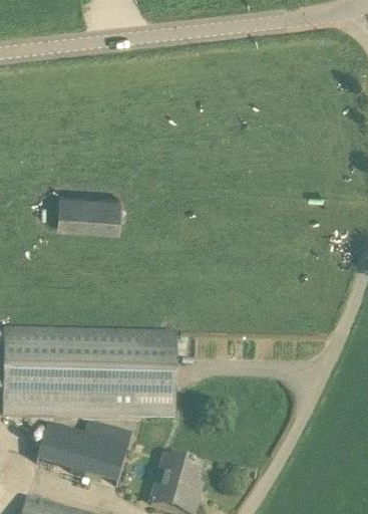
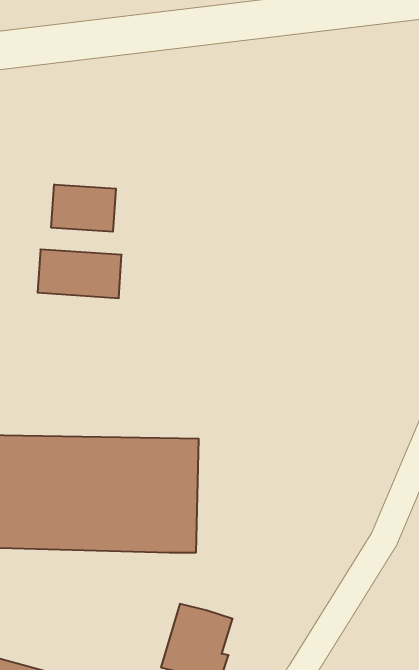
building: none -> [51,184,116,232]
building: [42,420,137,483] -> none

